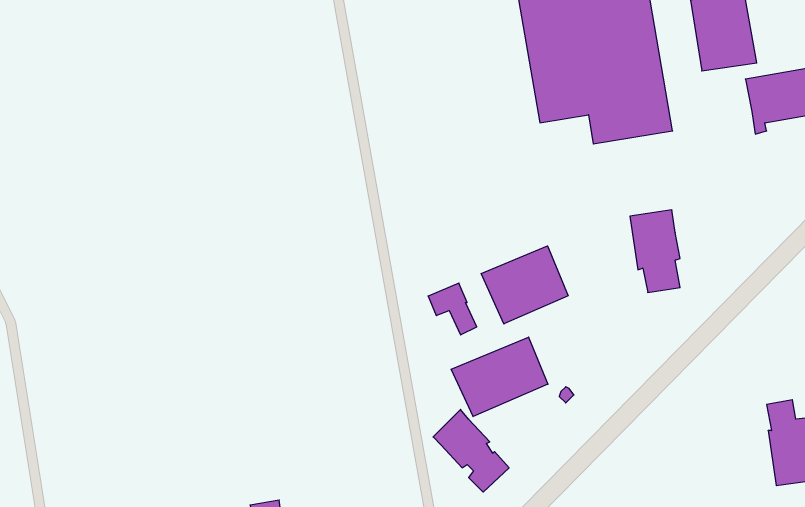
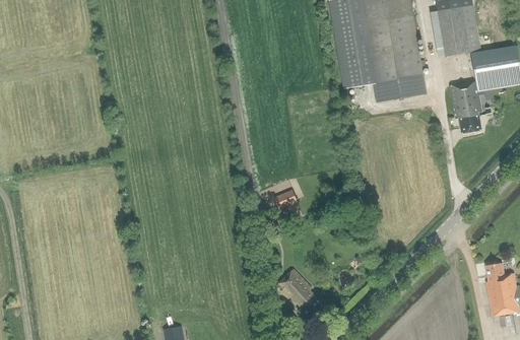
building: [630,210,680,292] -> [450,80,481,132]
building: [481,246,568,324] -> none
building: [451,337,548,417] -> none

